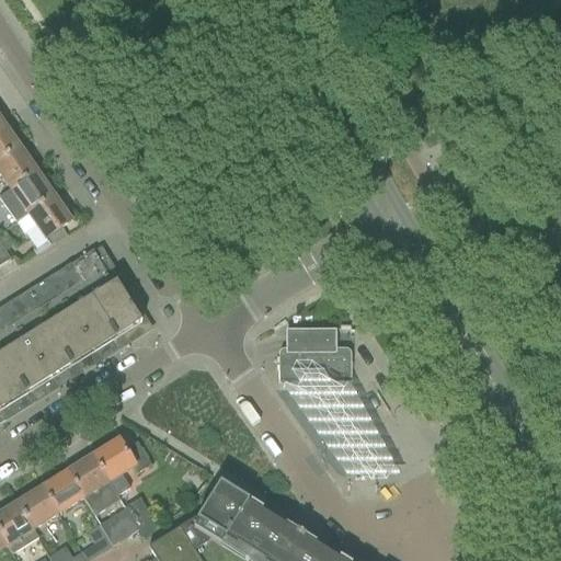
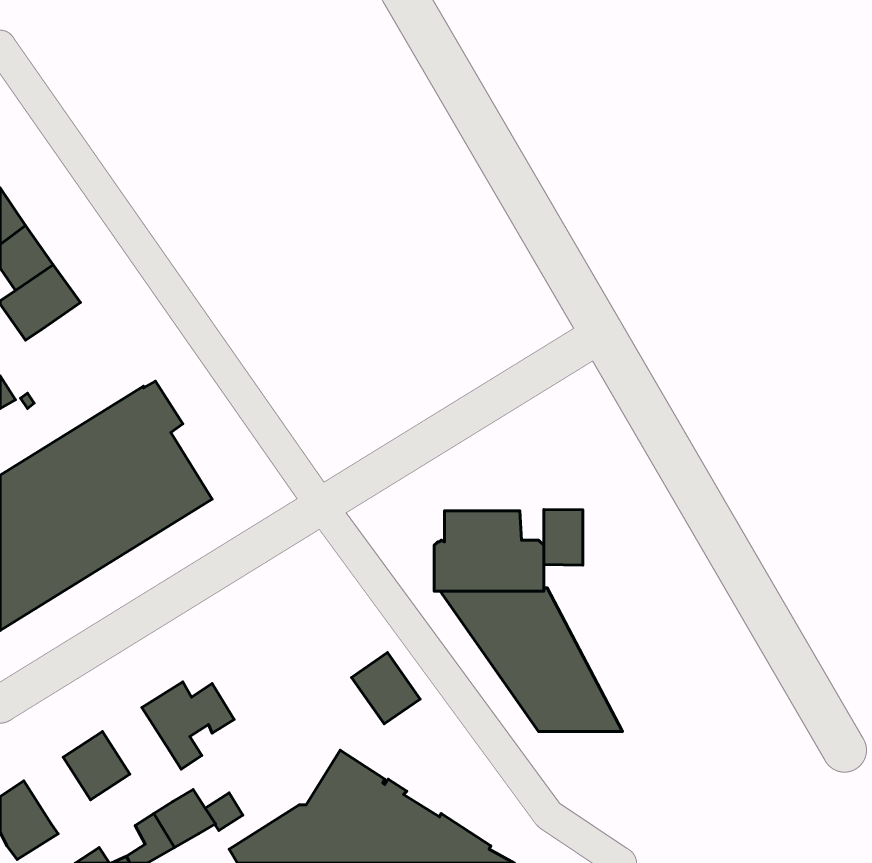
building: [18,194,70,237] -> none
building: none -> [544,509,583,565]
building: none -> [351,653,420,724]
building: [67,454,119,514] -> none
building: [16,485,59,528] -> none

